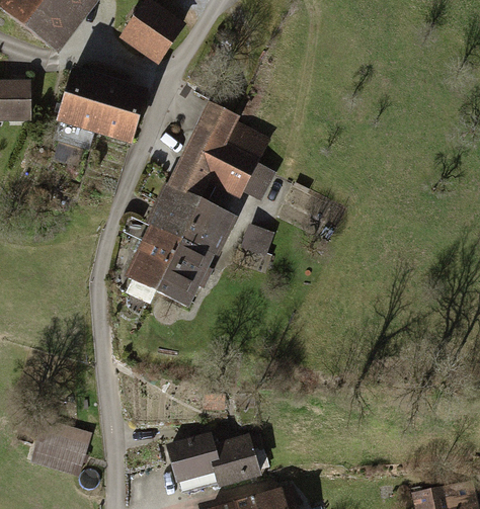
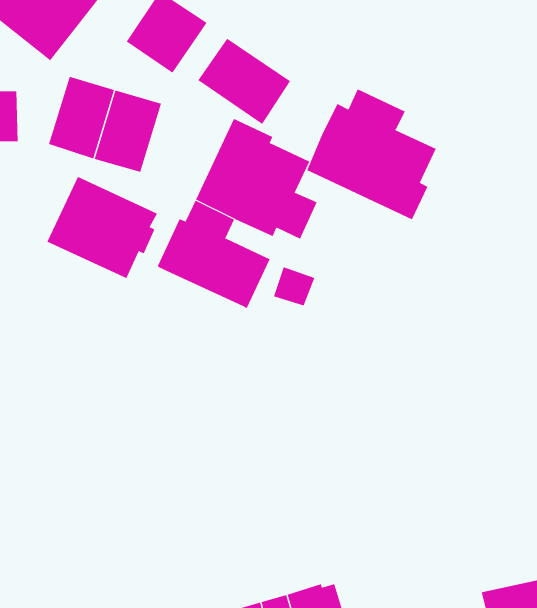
building: none -> [198,38,291,125]
building: none -> [306,89,436,220]
building: [124,226,215,310] -> [47,176,158,279]
building: [29,418,92,477] -> none
building: [163,428,259,483] -> none

